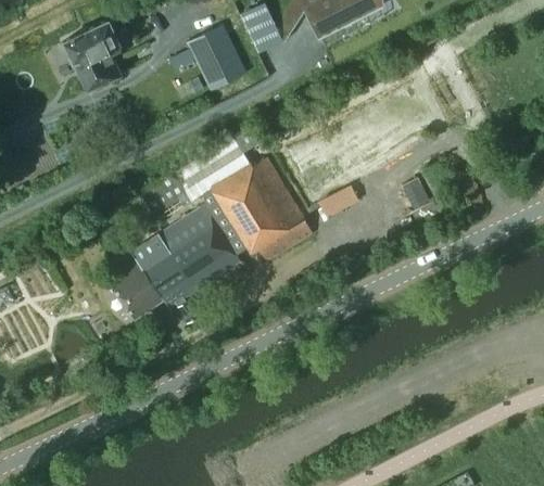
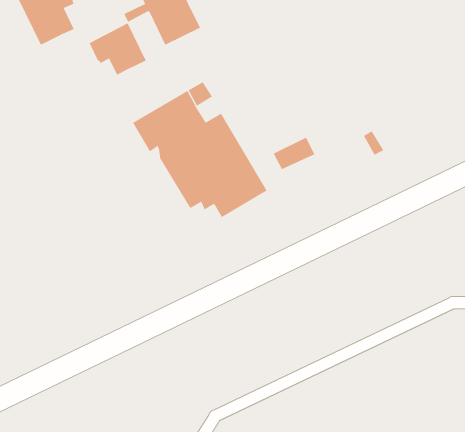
building: none -> [89,22,146,75]
building: [112,208,241,323] -> none

